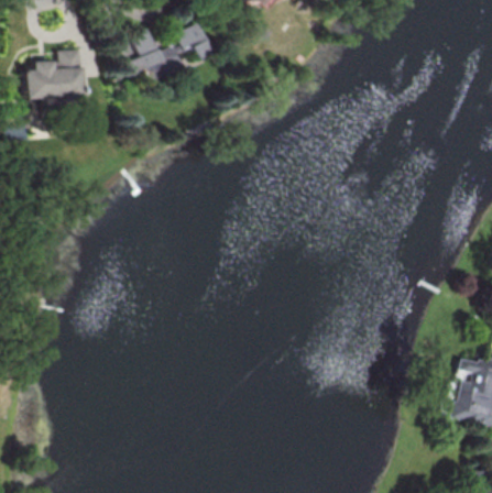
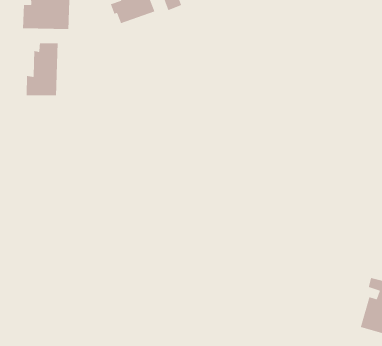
building: none -> [26,42,58,96]

